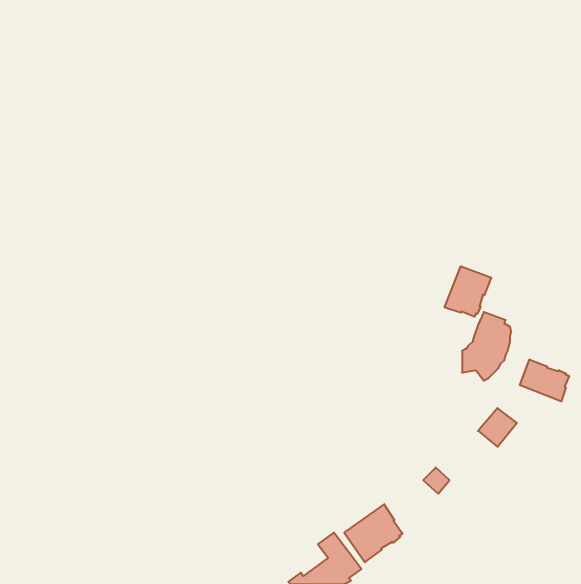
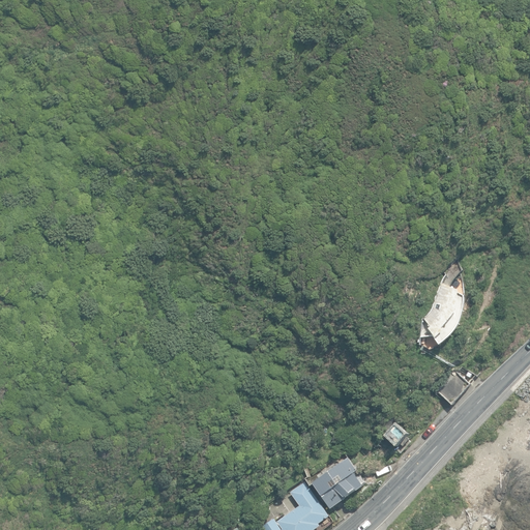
building: [445,266,491,317] -> none
building: [520,359,569,401] -> none

